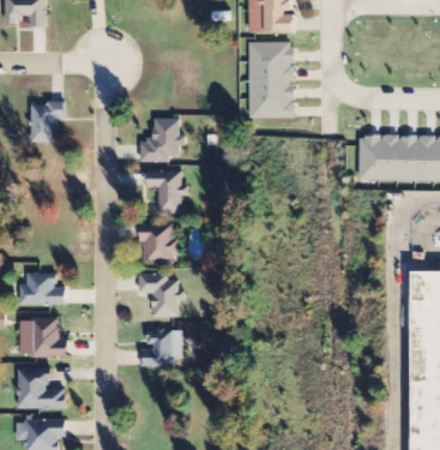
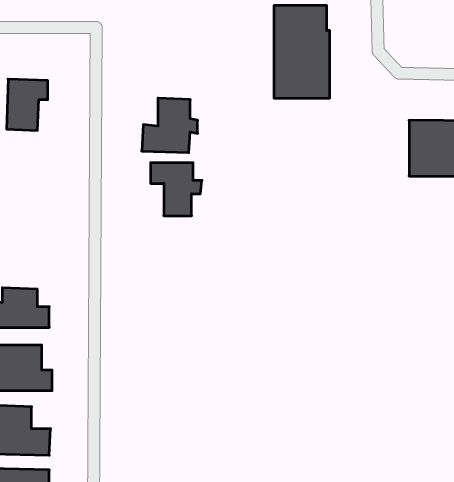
building: [140,224,179,262] -> none
building: [139,274,185,318] -> none
building: [140,330,182,367] -> none

